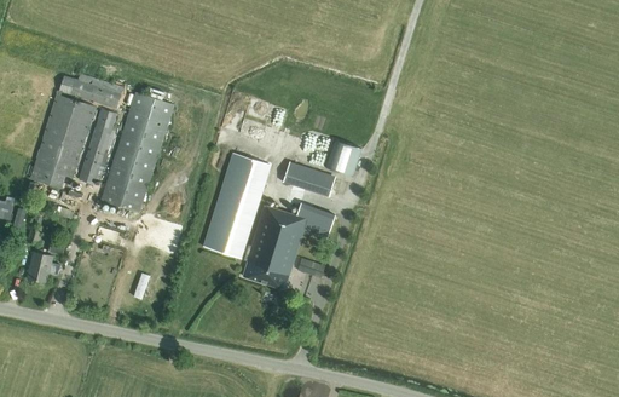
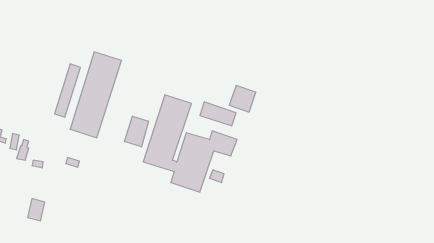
building: [29,75,122,189] -> none
building: none -> [125,116,148,147]
building: [27,252,51,283] -> [28,199,45,221]

